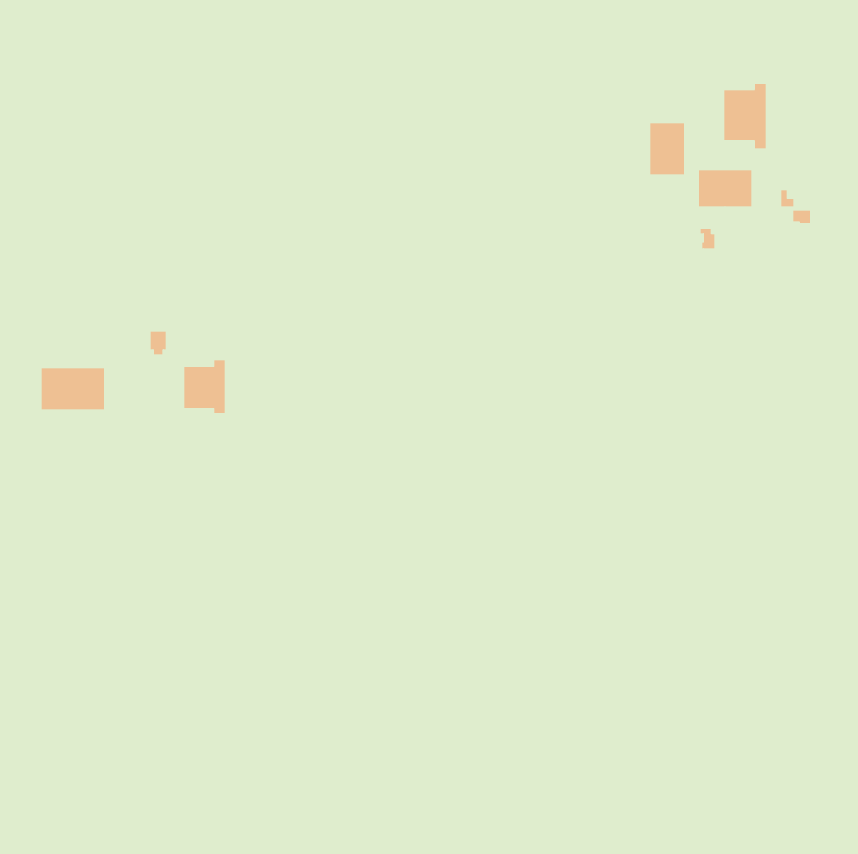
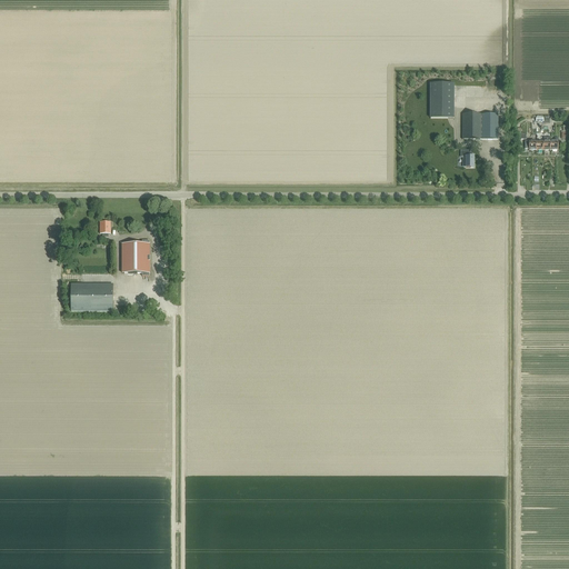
building: [724,83,766,149] -> none
building: [41,368,105,410] -> [70,281,112,309]

